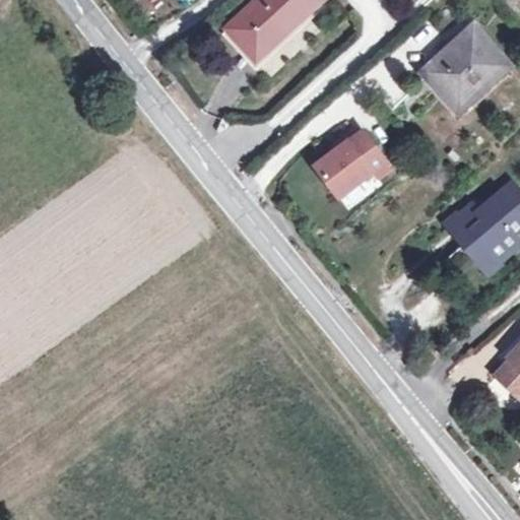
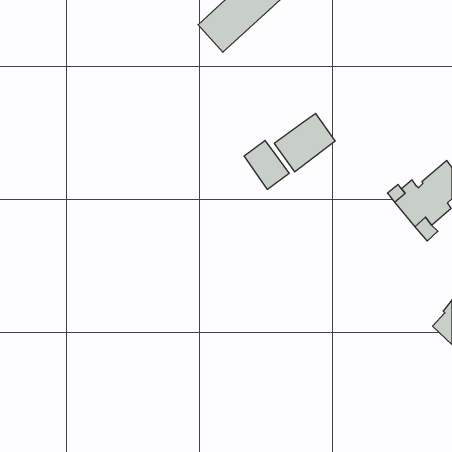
building: [427,29,507,109] -> none
building: none -> [244,140,289,189]

